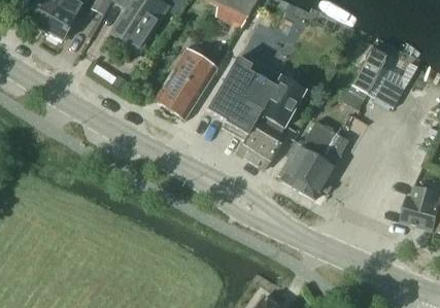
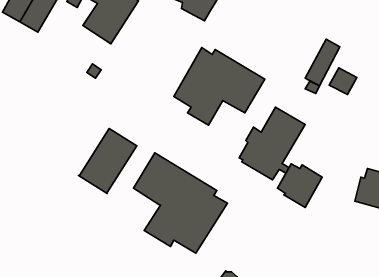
building: [154,48,216,118] -> [79,128,137,194]
building: [237,114,285,169] -> none
building: none -> [134,153,228,253]
building: none -> [278,164,322,207]

